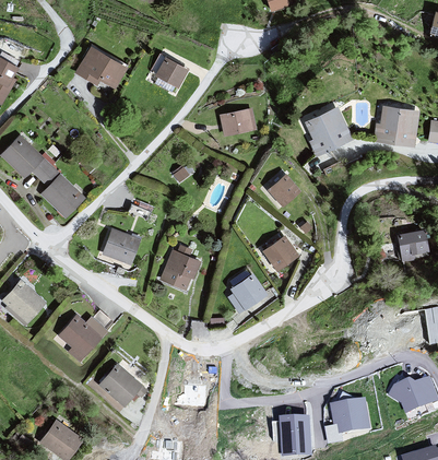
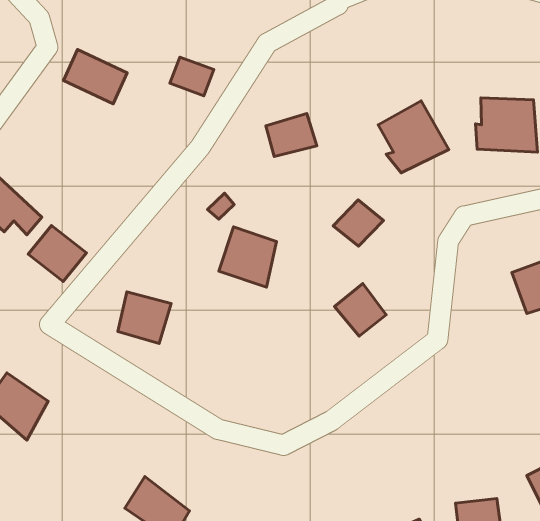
building: [159,248,203,294] -> [219,227,276,287]
building: [227,272,264,312] -> none
building: [54,316,100,363] -> none

